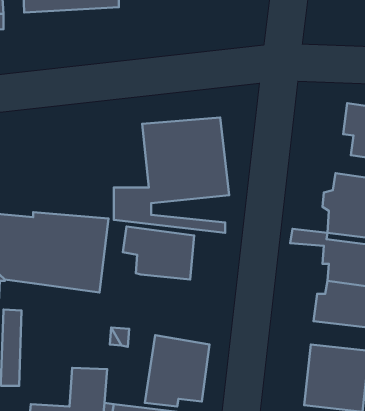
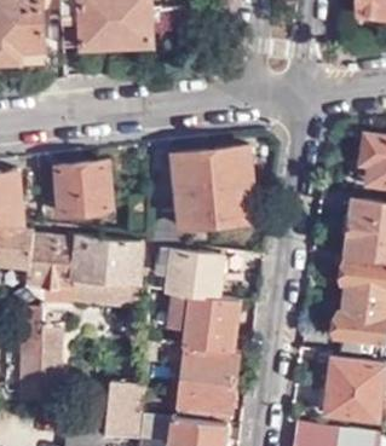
building: none -> [59,161,148,234]
building: none -> [166,294,236,352]

